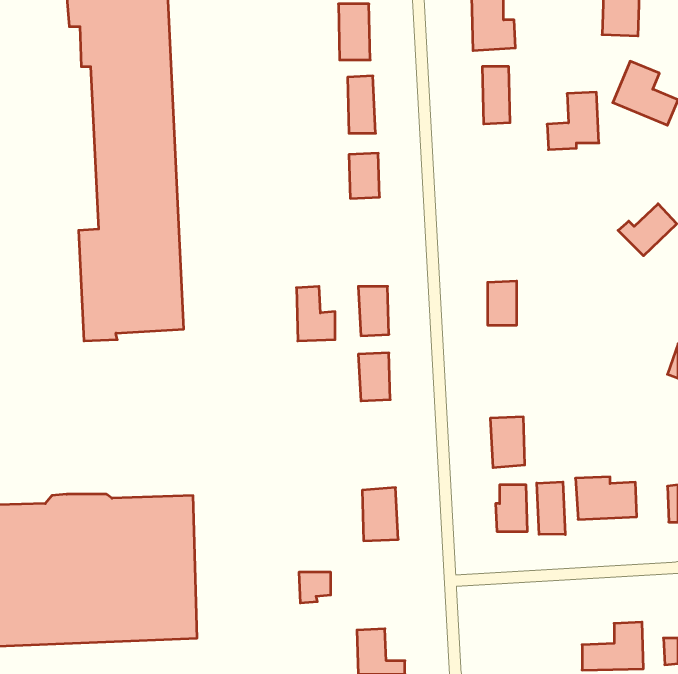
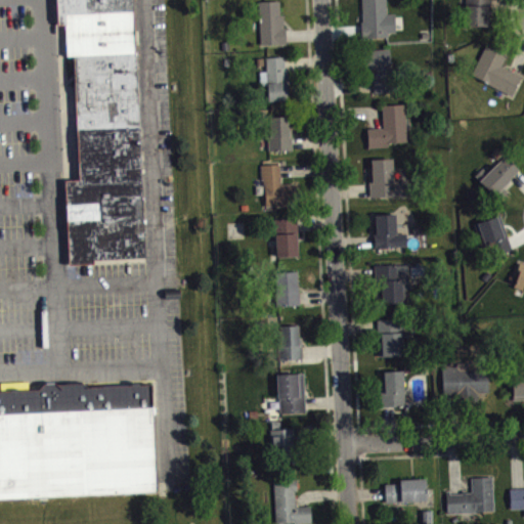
building: [547,92,599,150] -> [367,105,407,149]
building: none -> [370,160,407,200]
building: none -> [476,217,513,260]
building: [296,286,335,341] -> [263,166,293,208]
building: none -> [375,266,408,306]
building: none -> [278,328,302,362]
building: [537,482,565,535] -> none
building: [299,572,331,603] -> [270,431,295,454]
building: none -> [385,480,427,505]

